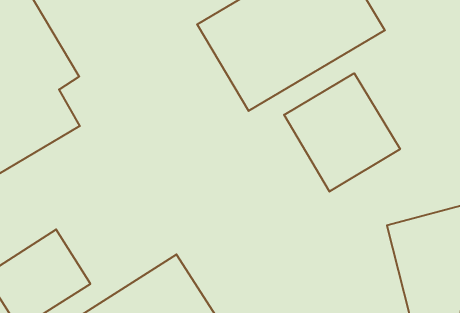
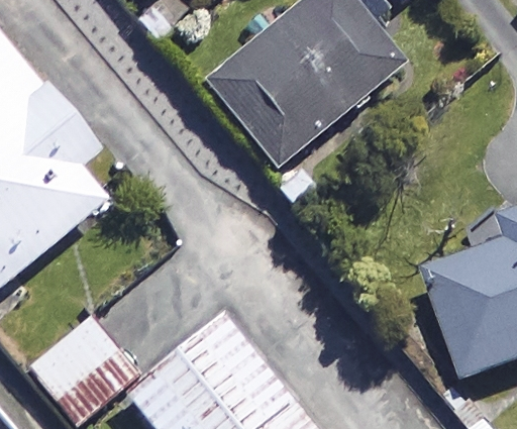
building: [284,73,400,192] -> none

